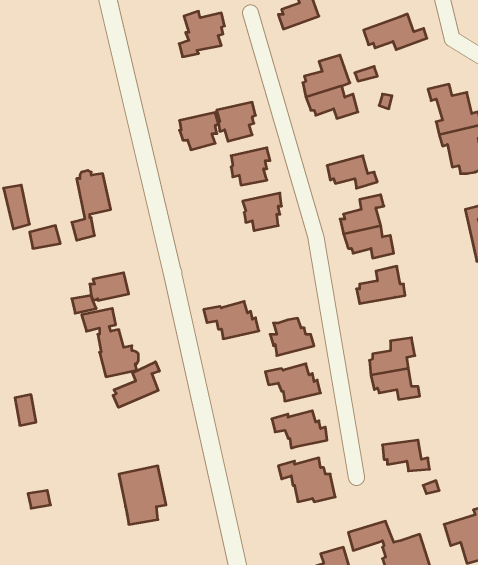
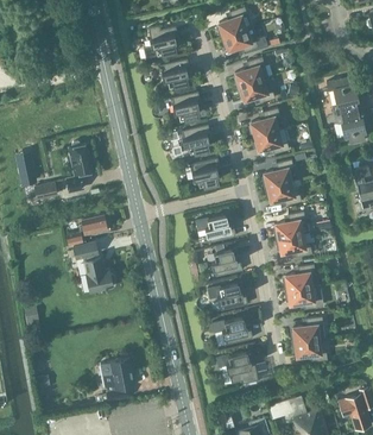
building: [364,14,427,50] -> [220,26,266,52]
building: [179,112,218,150] -> [160,59,189,87]
building: none -> [248,108,279,138]
building: none -> [276,234,311,257]
building: [204,301,259,339] -> [195,215,235,242]
building: [113,362,159,407] -> none
building: none -> [290,317,324,342]

